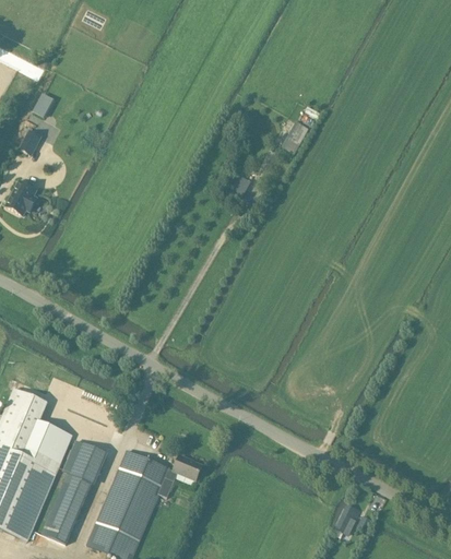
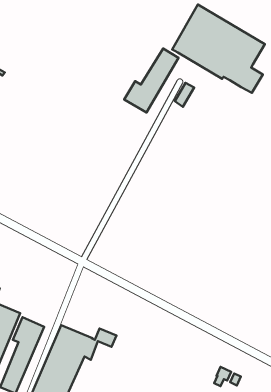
building: none -> [172,5,265,93]
building: none -> [124,49,178,112]

